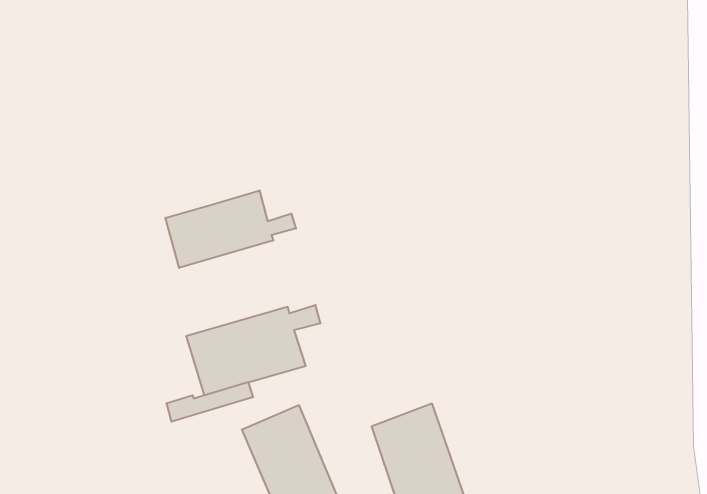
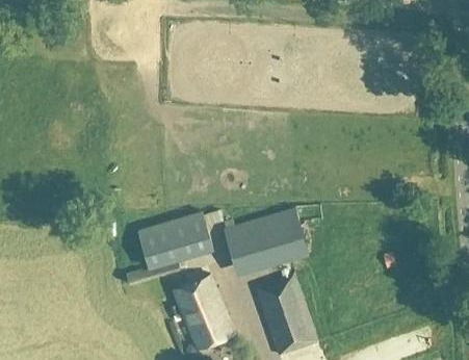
building: [165,190,296,268] -> none
building: none -> [224,207,309,276]

